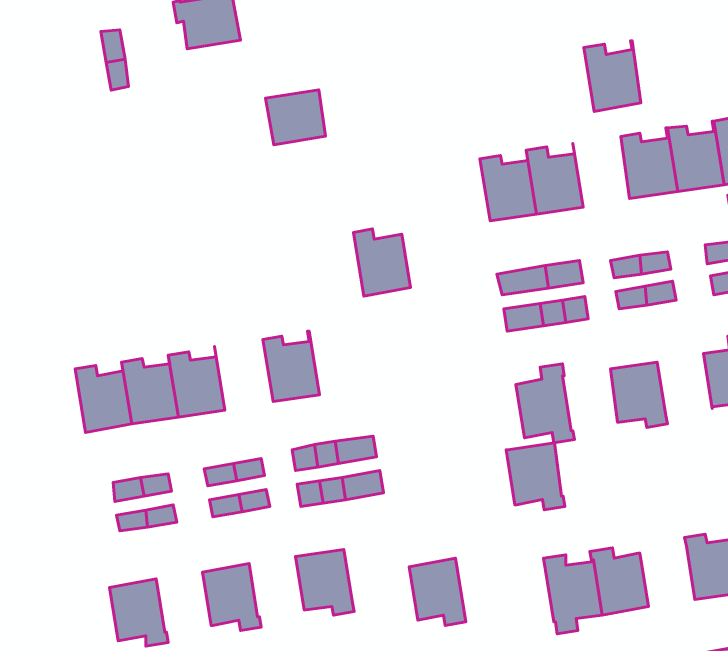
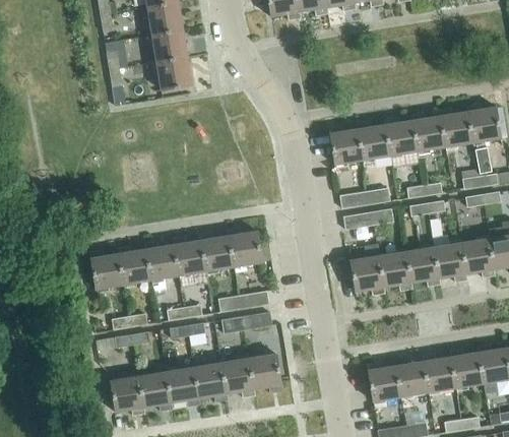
building: [584,41,641,111] -> [384,114,418,155]
building: [265,90,326,145] -> [156,57,192,89]
building: [354,229,410,296] -> [229,227,262,266]
building: none -> [173,234,207,275]
building: none -> [434,242,467,282]
building: [506,443,565,510] -> [378,251,412,291]
building: none -> [423,353,456,391]
building: none -> [193,362,228,400]
building: [409,558,466,625] -> [249,353,282,392]
building: none -> [138,364,173,410]

